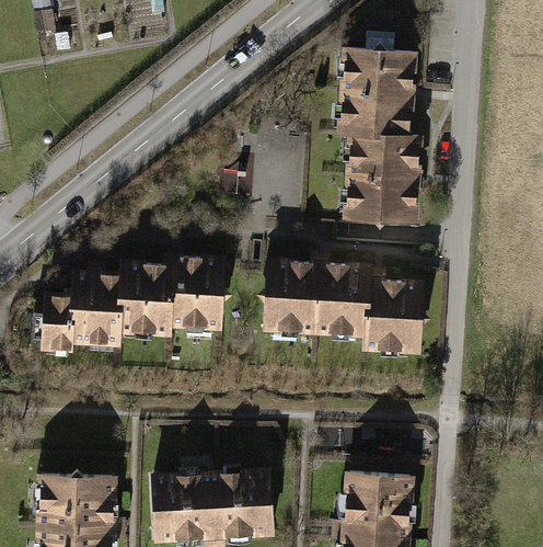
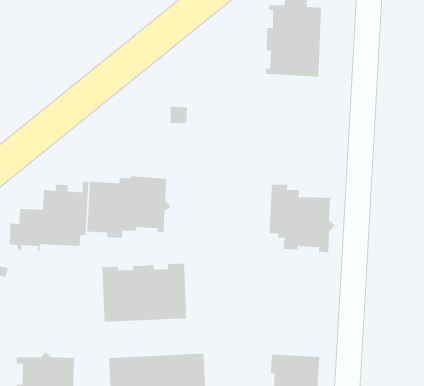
building: [347,136,417,227] -> none
building: [259,258,349,333] -> none
building: none -> [102,263,187,323]

